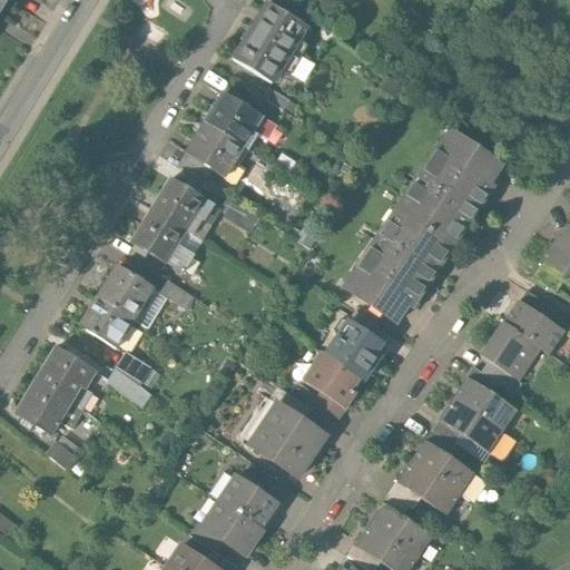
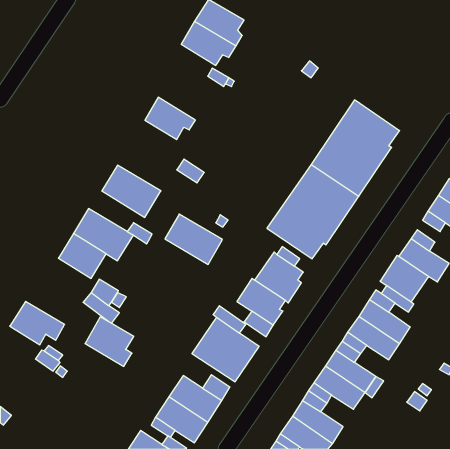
building: [202,90,262,151] -> none
building: [150,177,223,240] -> [165,214,222,264]
building: [35,346,96,409] -> [85,317,134,366]

